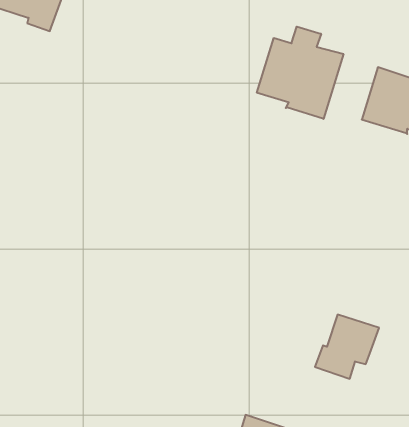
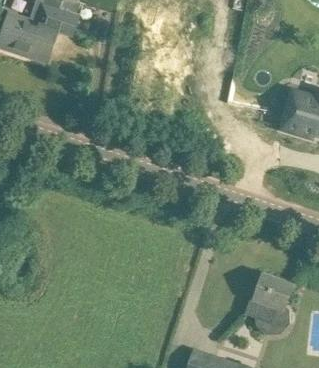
building: [257,27,343,119] -> none

